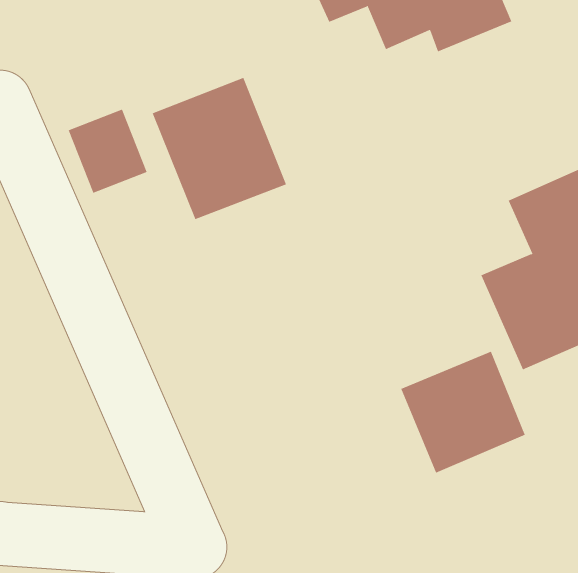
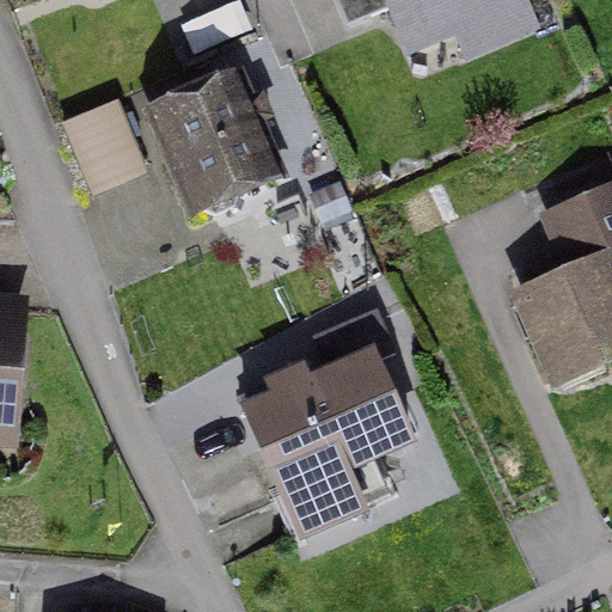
building: none -> [238,295,415,531]
building: [401,351,526,474] -> none

